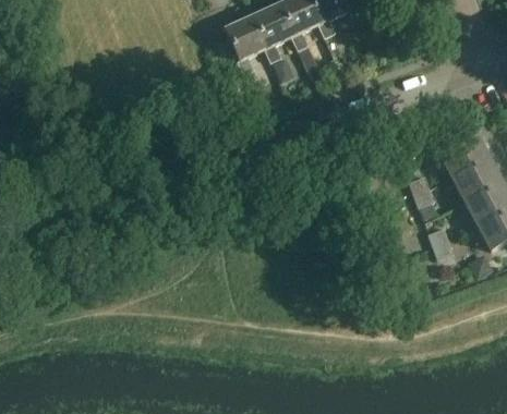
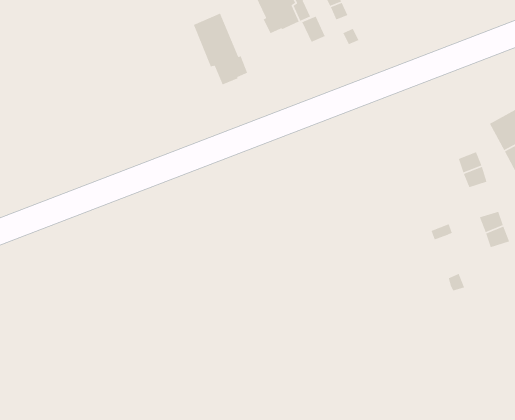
building: none -> [193,12,248,85]

